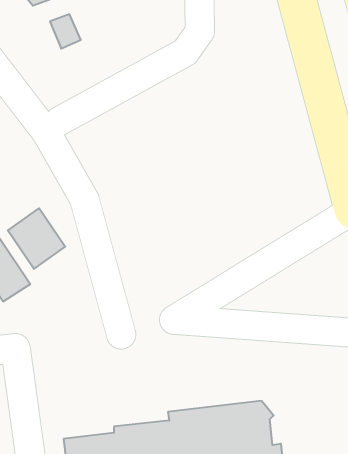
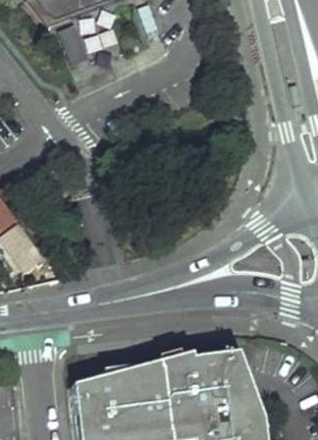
building: [8,208,65,269] -> none

